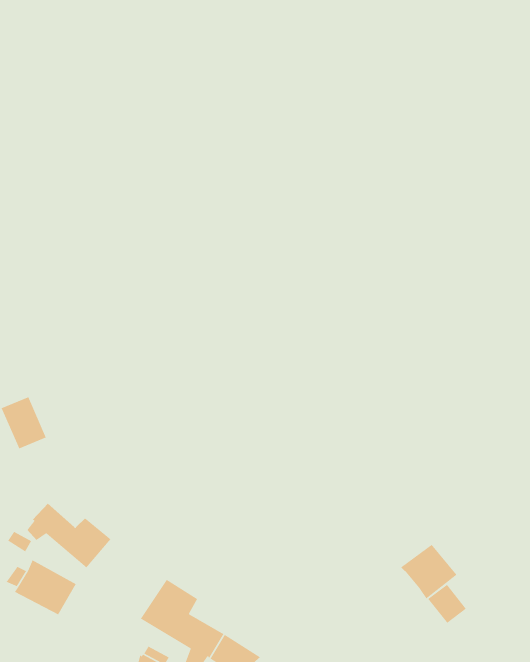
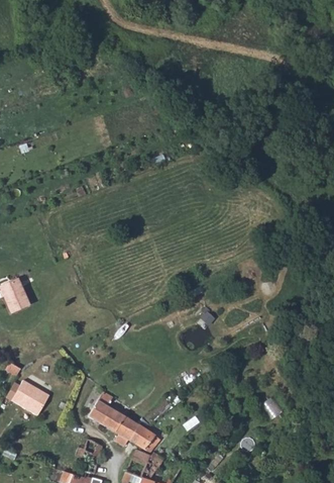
building: [26,503,112,568] -> none
building: [400,544,457,600] -> none

